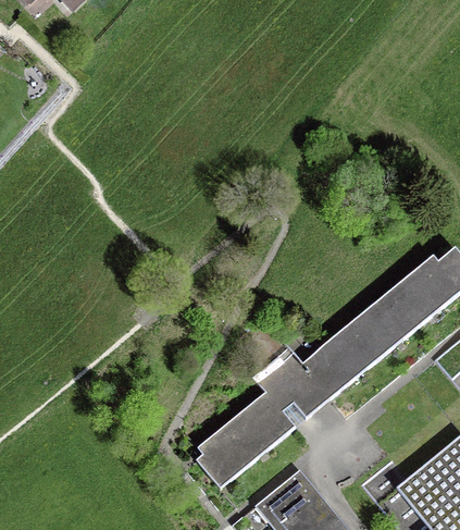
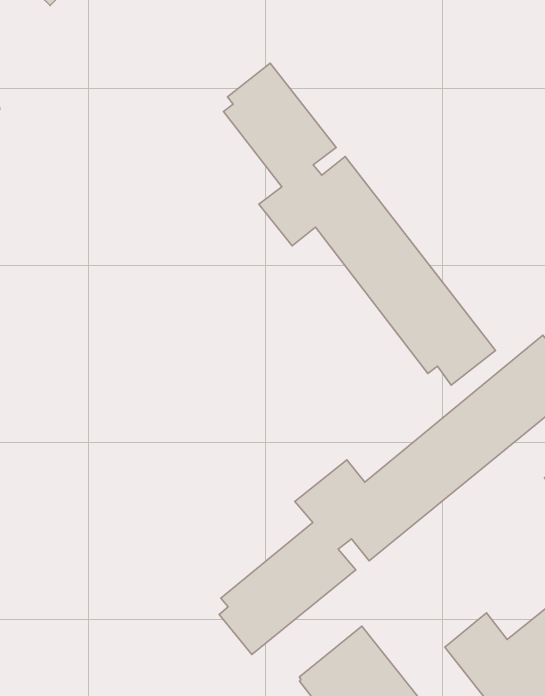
building: none -> [224,63,496,385]

